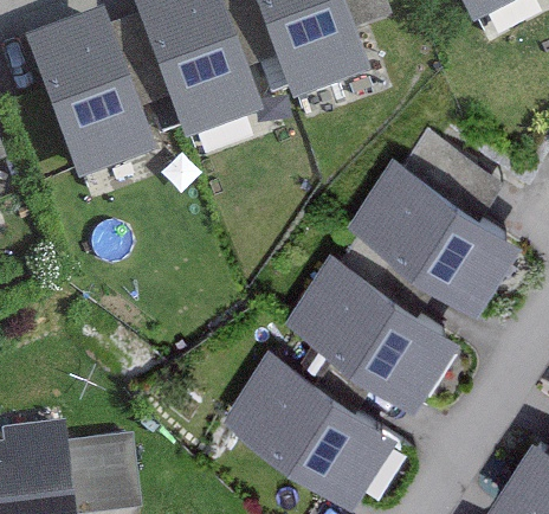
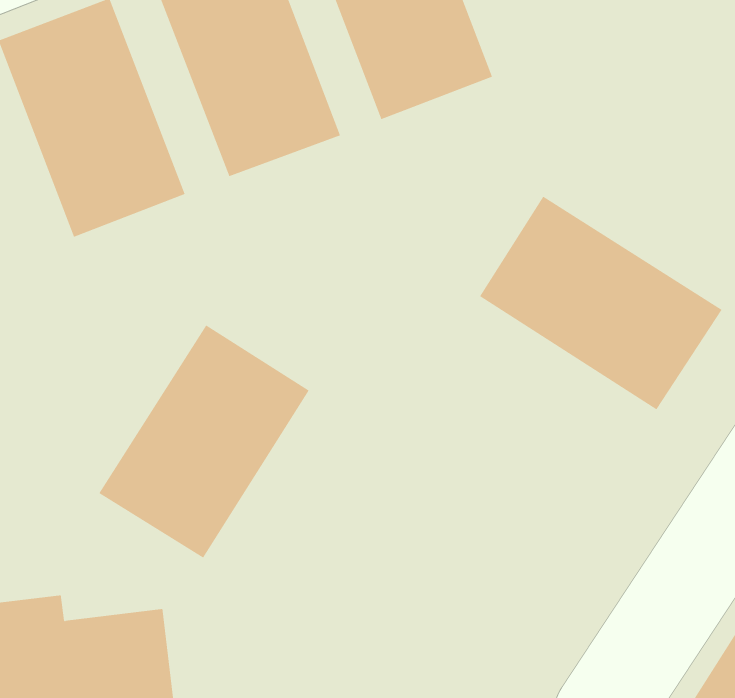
building: none -> [98,325,310,558]
building: [291,251,458,398] -> none
building: [230,347,396,495] -> none

